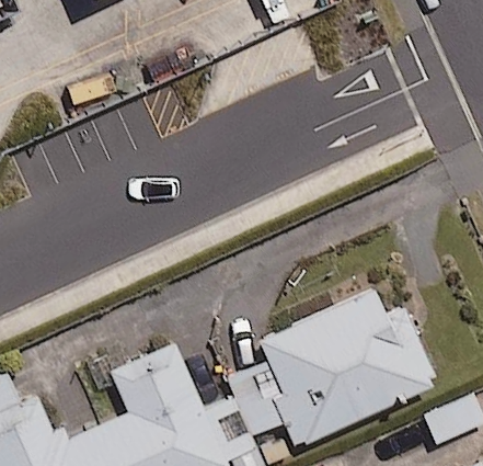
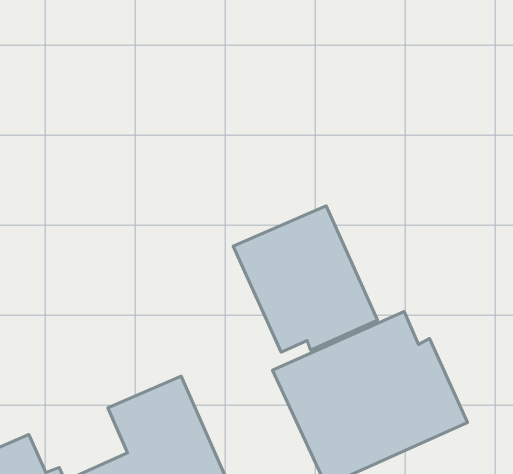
building: none -> [233,206,377,352]

